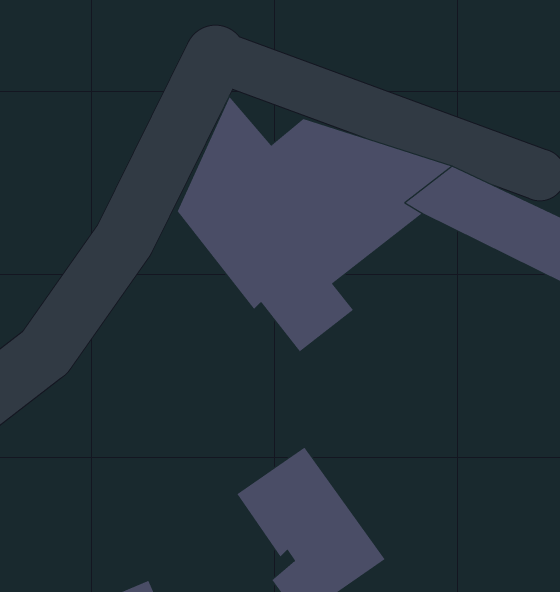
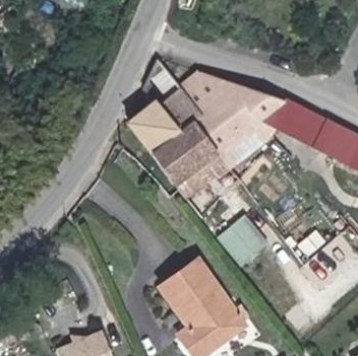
building: none -> [216,213,266,265]

